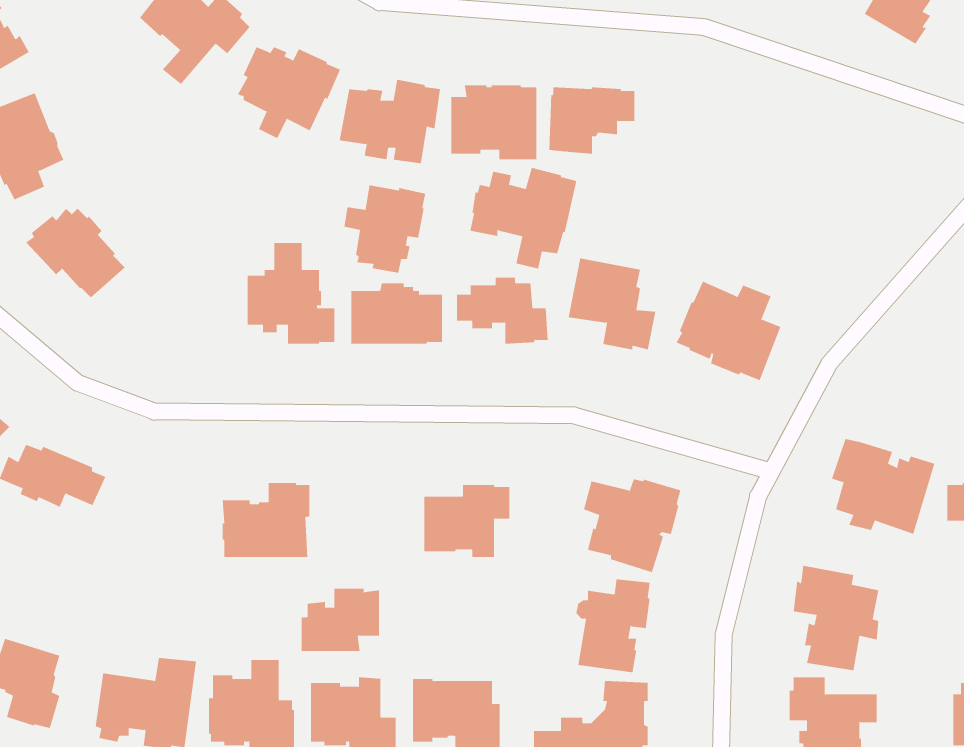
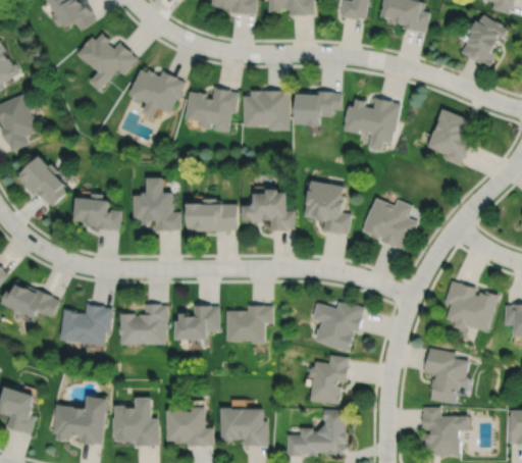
building: none -> [427,111,472,166]
building: [469,167,577,269] -> [343,99,400,153]
building: [344,184,426,274] -> none
building: none -> [75,191,120,229]
building: none -> [60,302,112,344]
building: [301,588,380,651] -> [177,304,219,338]

